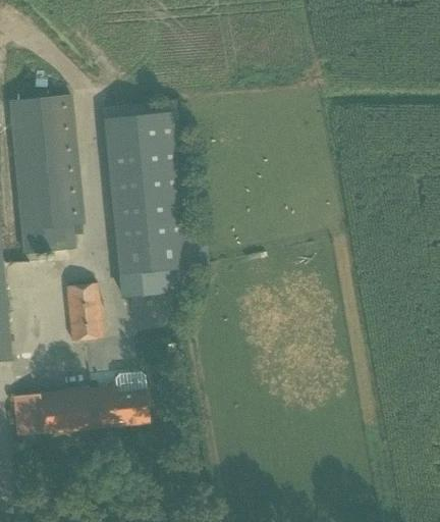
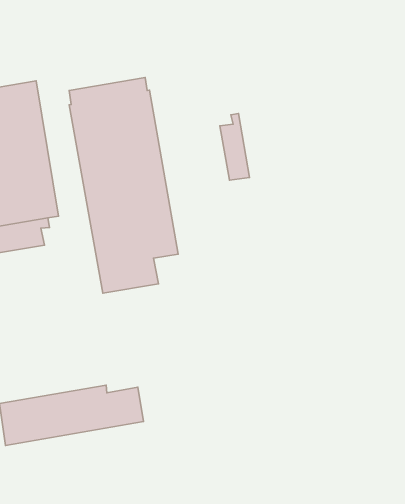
building: none -> [220,114,250,180]
building: [68,281,105,340] -> none

